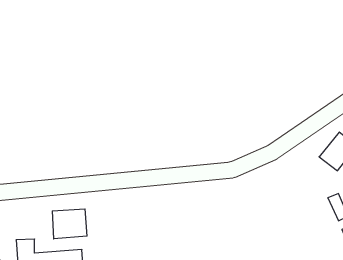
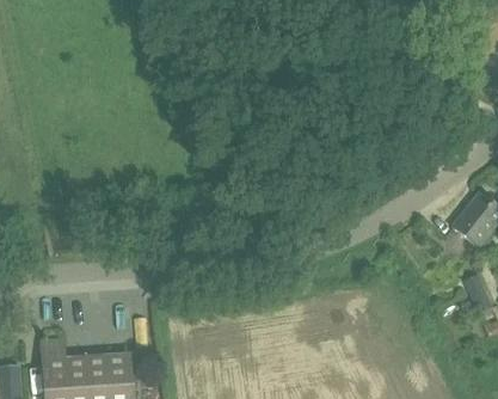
building: [52,209,87,239] -> none

